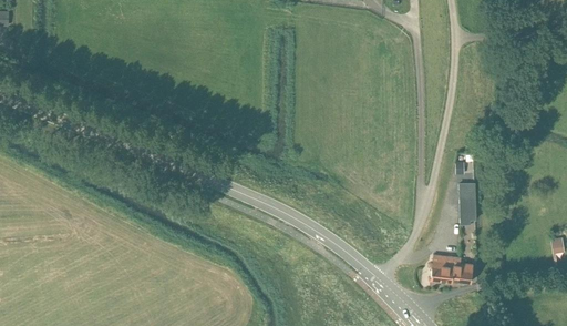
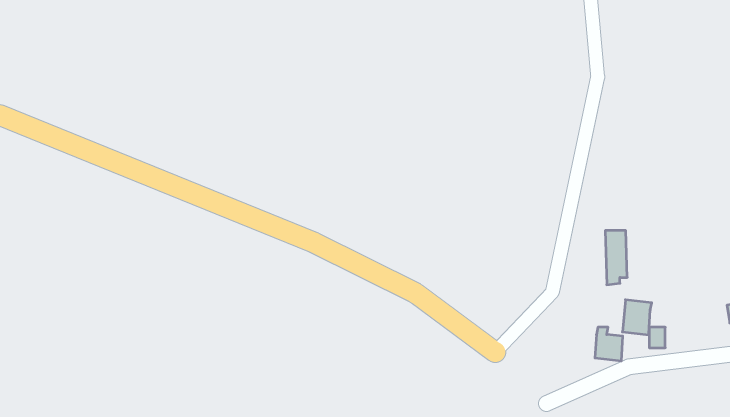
building: [431,254,453,281] -> [622,300,652,335]

